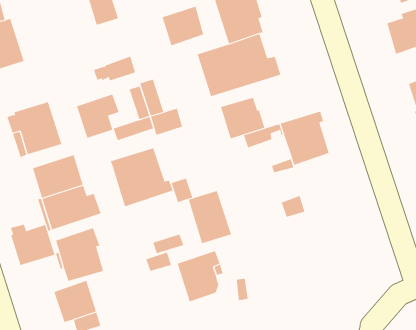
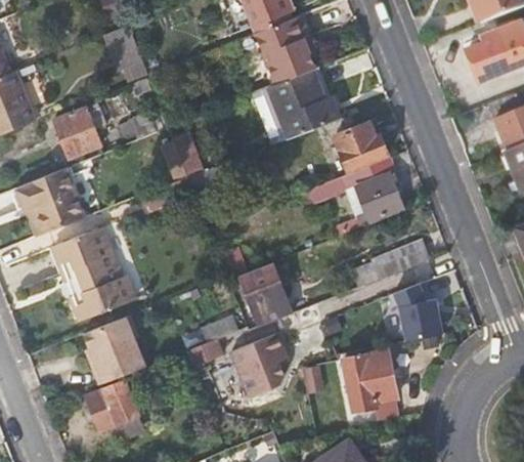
building: [162,6,204,46] -> none
building: [76,94,119,139] -> [55,102,107,158]
building: [220,97,265,139] -> [333,120,388,172]
building: [110,148,174,207] -> none
building: none -> [374,240,430,280]
building: none -> [394,282,443,340]
building: [10,224,55,266] -> none
building: none -> [345,349,399,410]

